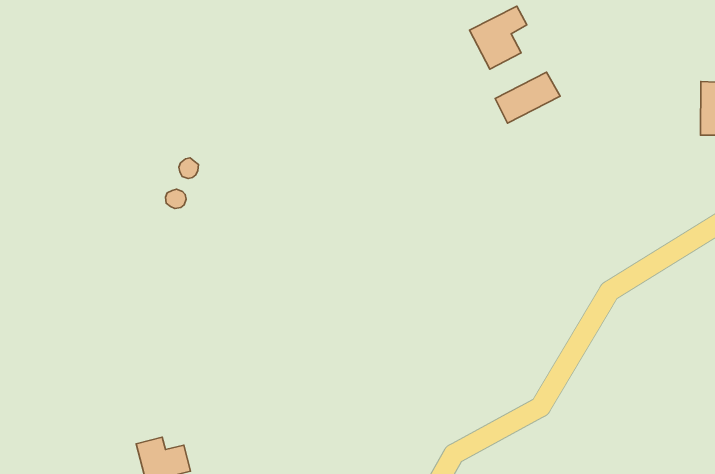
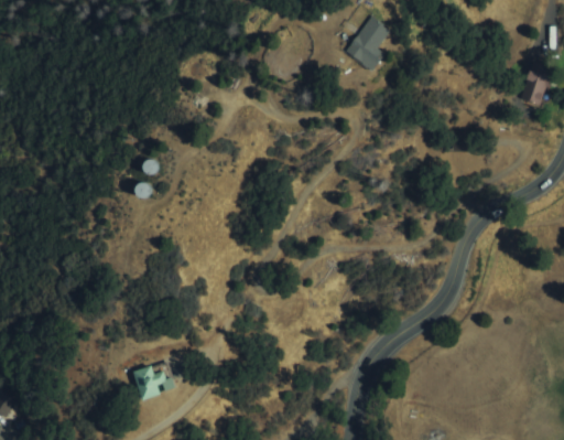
building: [495,72,560,123] -> none

